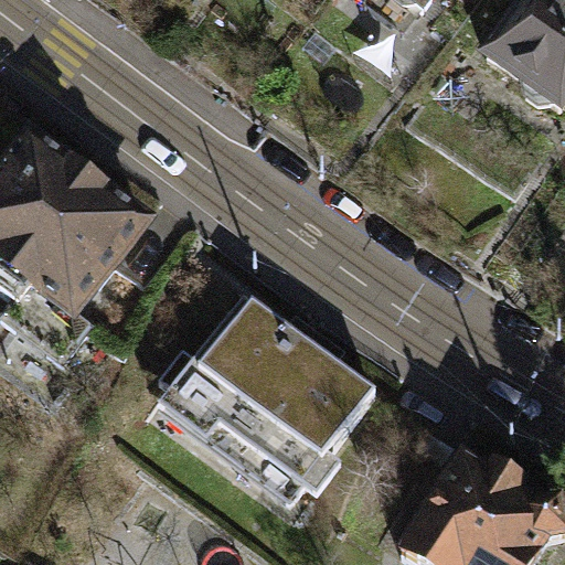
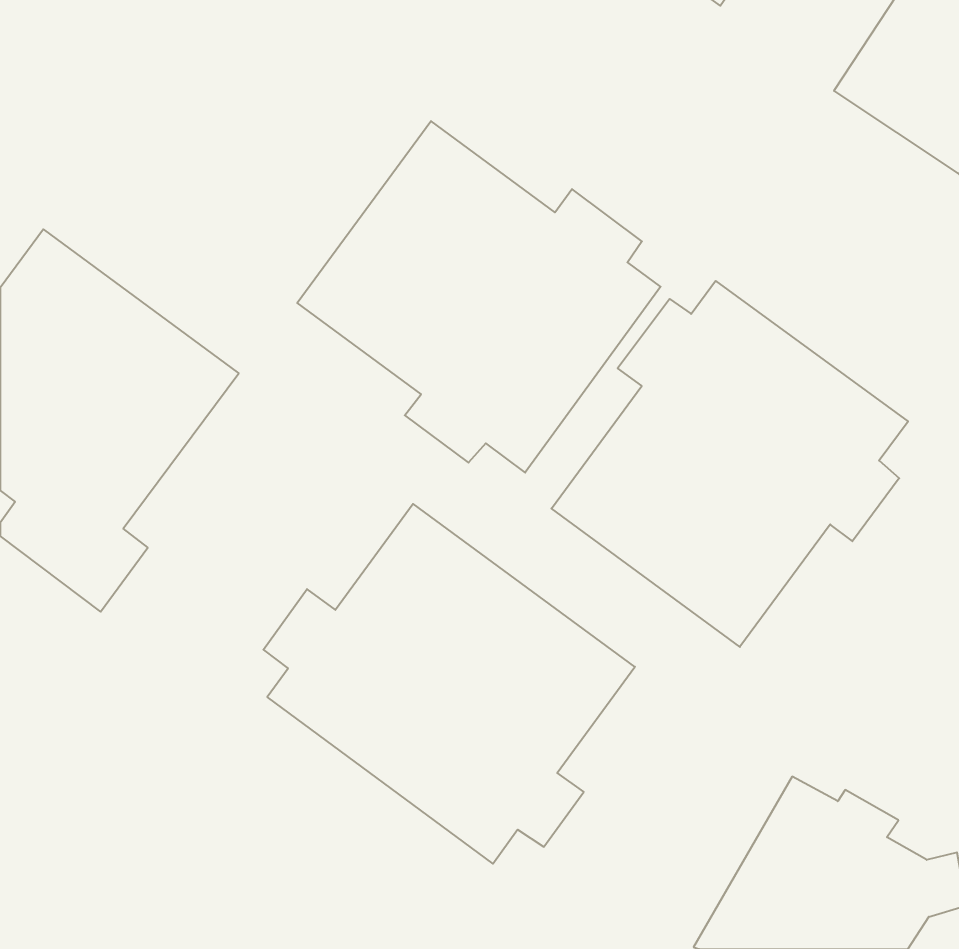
building: none -> [297,121,661,473]
building: none -> [551,281,908,647]

